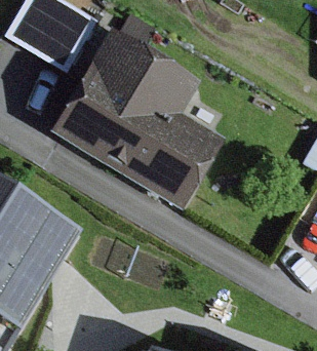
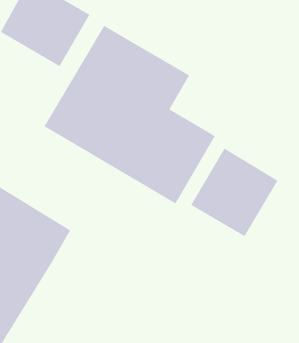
building: none -> [190,147,278,237]

